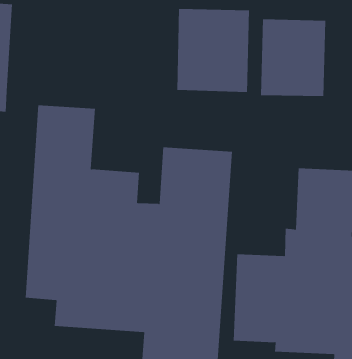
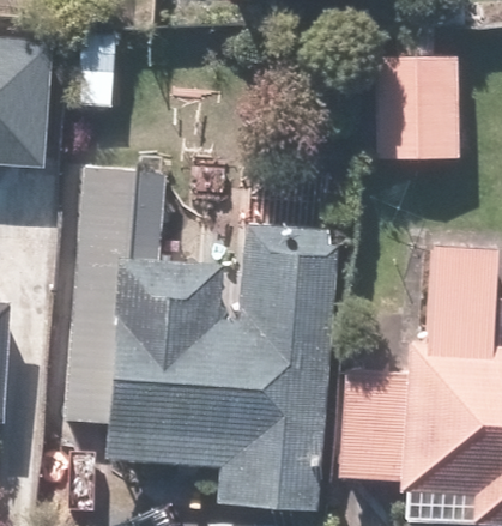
building: [177,8,250,93] -> none

